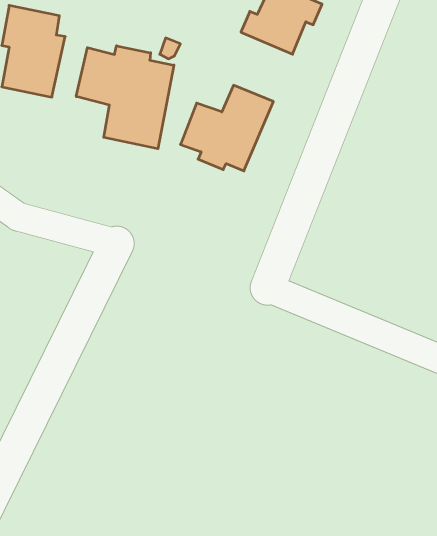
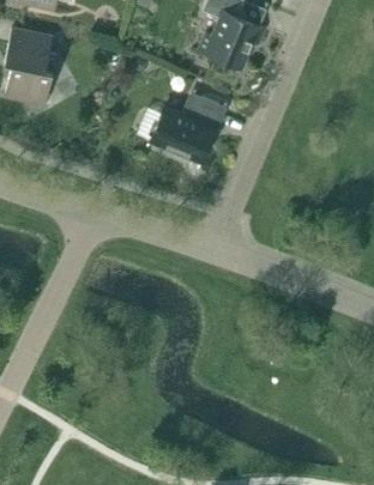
building: [76,46,174,149] -> none

